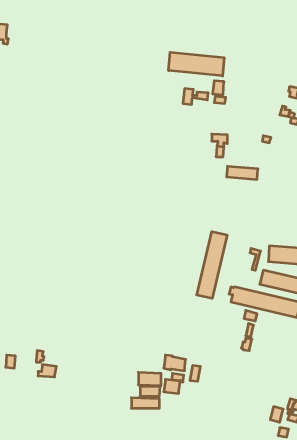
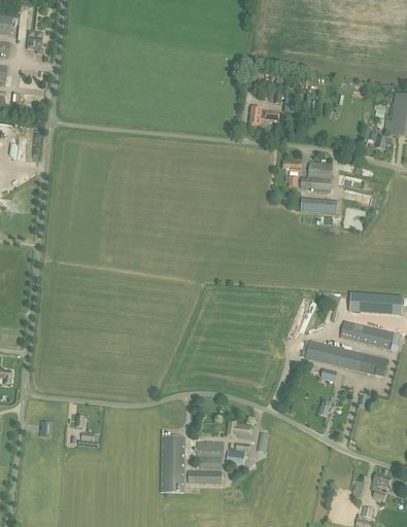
building: [169,52,224,76] -> none
building: none -> [300,161,332,191]
building: [197,232,227,298] -> none
building: none -> [160,435,184,492]

